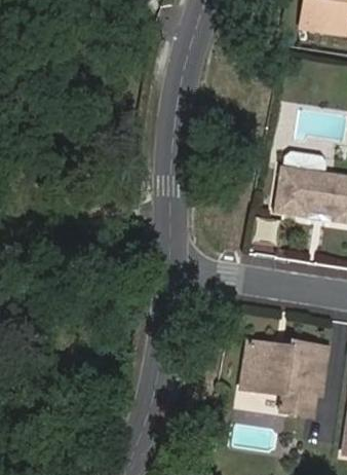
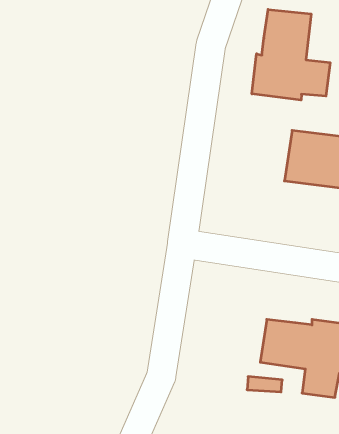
building: none -> [252,9,330,100]

